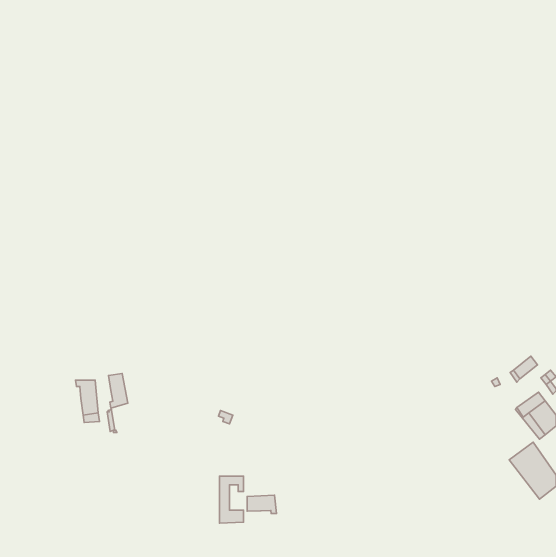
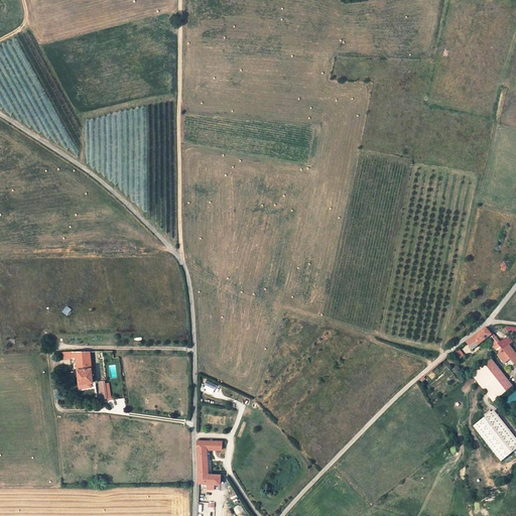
building: [108,374,128,408] -> none
building: [247,495,277,514] -> none

